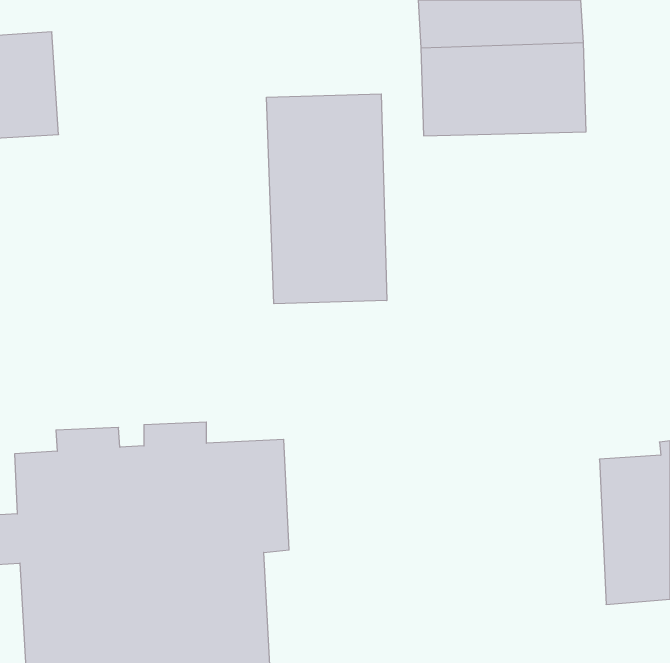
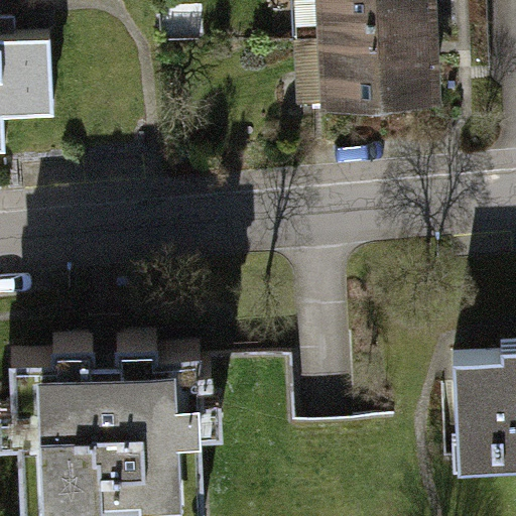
building: [267,94,387,304] -> none

